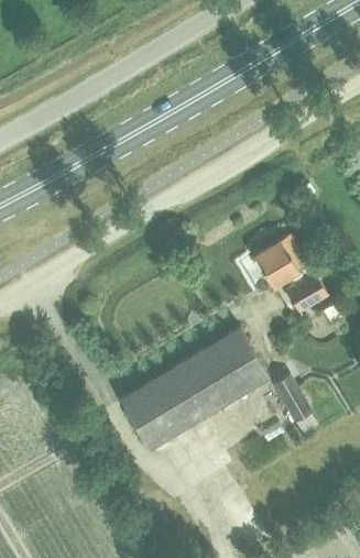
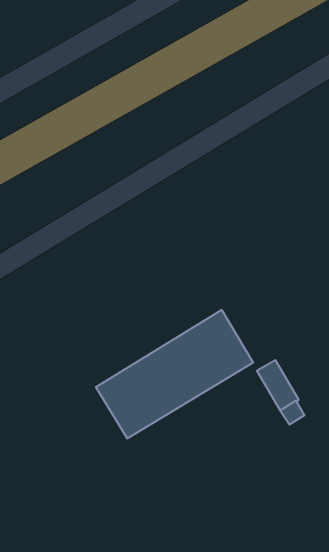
building: [254,236,327,314] -> none

